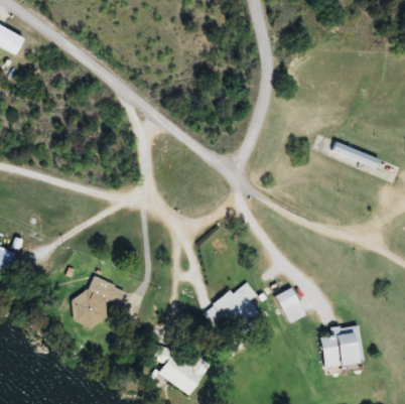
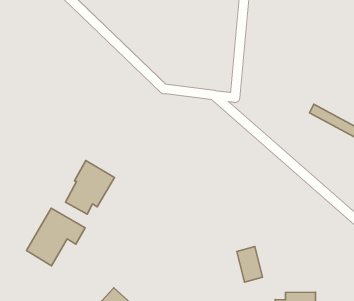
building: none -> [65,161,114,214]
building: [201,280,262,335] -> none

